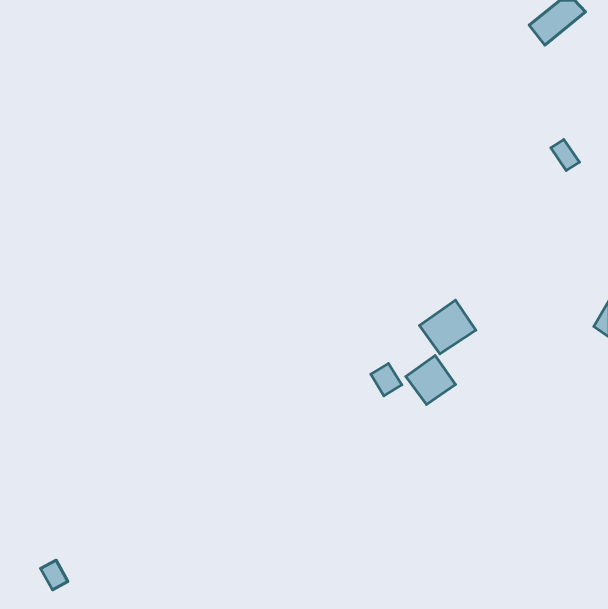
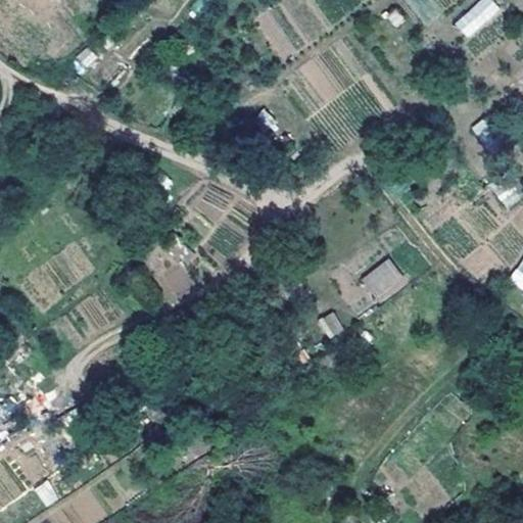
building: [406,356,455,404] -> none

